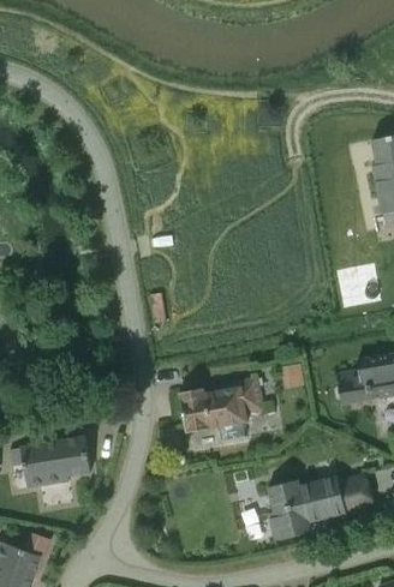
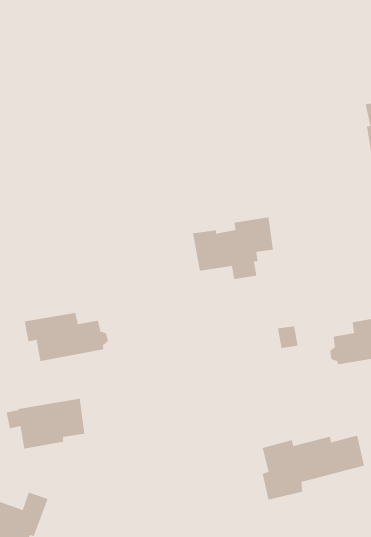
building: none -> [24,312,108,362]
building: [179,377,262,441] -> [192,217,274,280]

